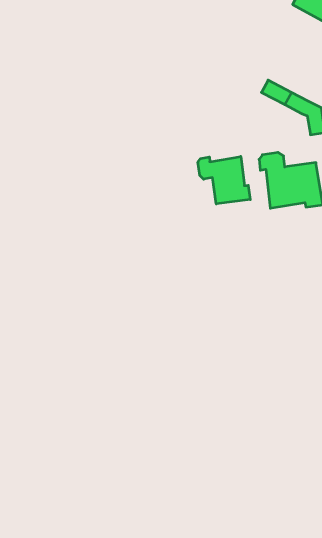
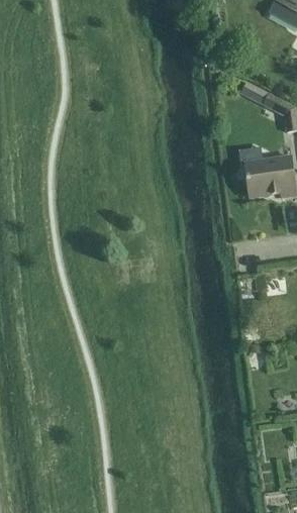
building: [198,156,250,204] -> none

